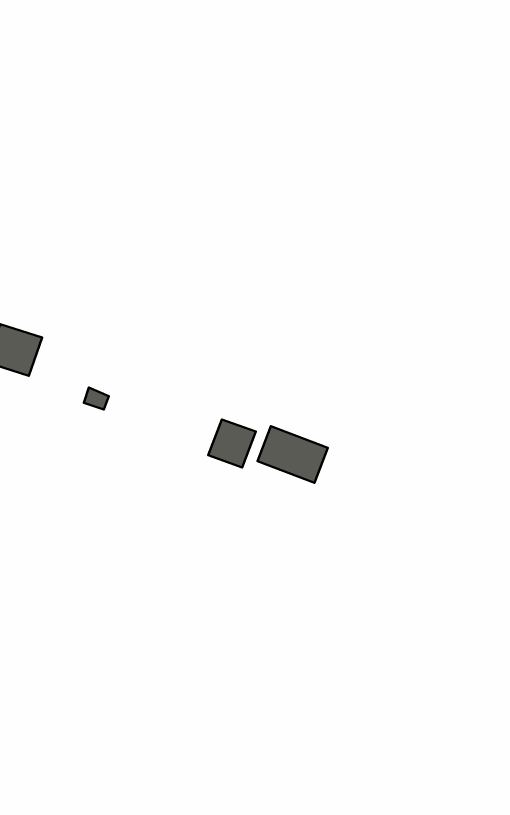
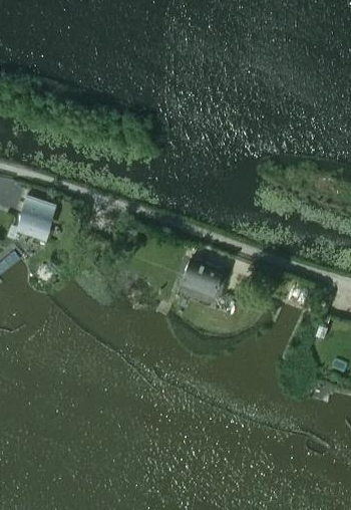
building: [208,419,256,467] -> none

